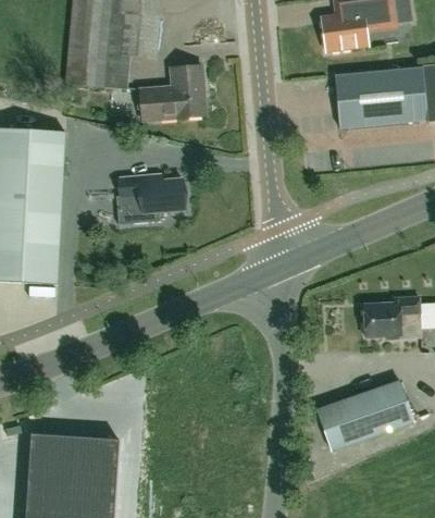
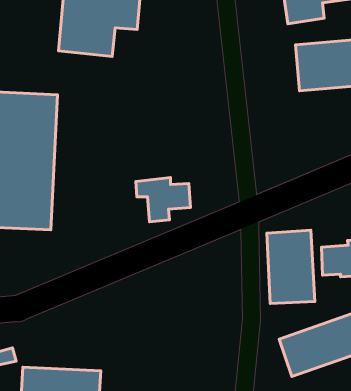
building: [140,65,206,120] -> none
building: [122,174,184,224] -> [136,178,191,222]
building: none -> [267,230,315,304]

